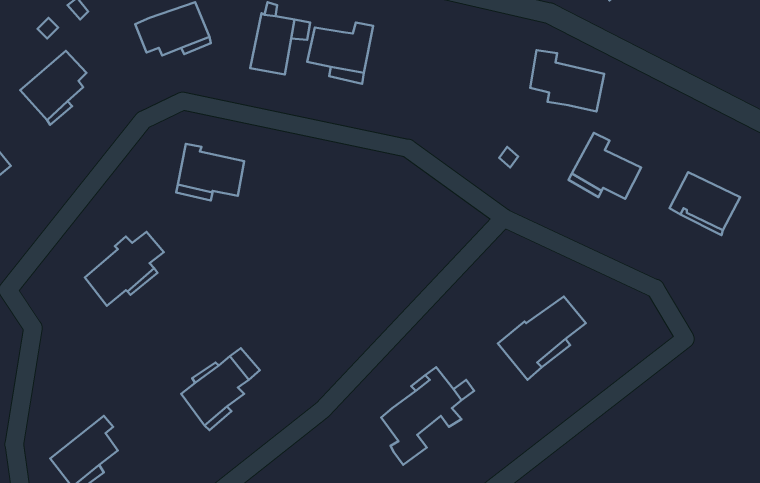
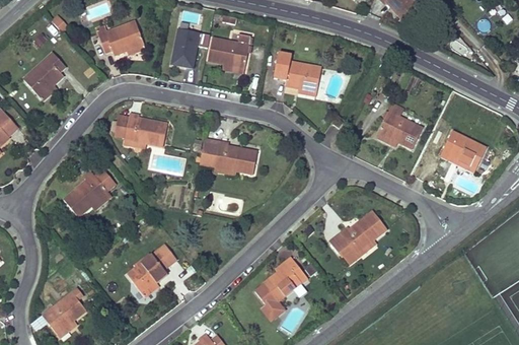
building: [530,50,604,111] -> [274,53,321,92]
building: none -> [199,141,256,175]

